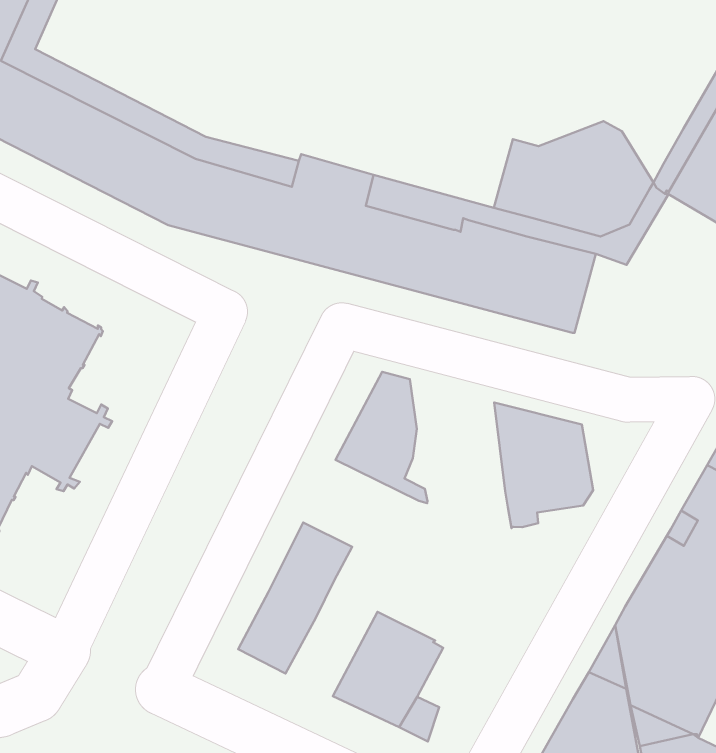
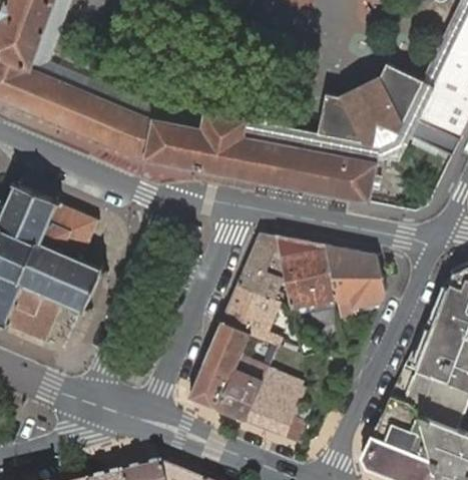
building: none -> [377,64,423,113]
building: none -> [277,235,336,305]
building: none -> [221,285,287,347]
building: none -> [217,354,269,420]

